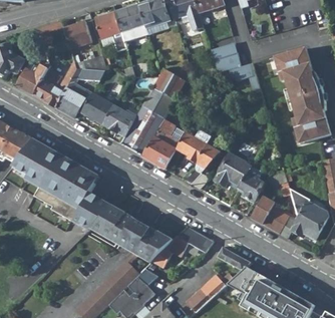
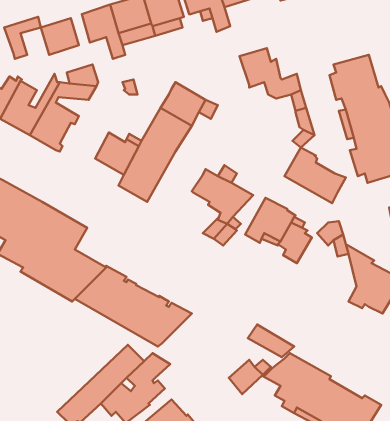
building: [81,92,113,123] -> none
building: [141,118,183,169] -> none
building: [251,196,296,237] -> [284,147,346,203]
building: [152,226,212,266] -> none
building: [184,285,212,312] -> none

